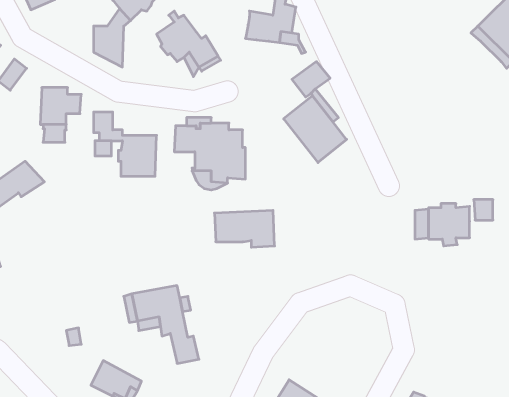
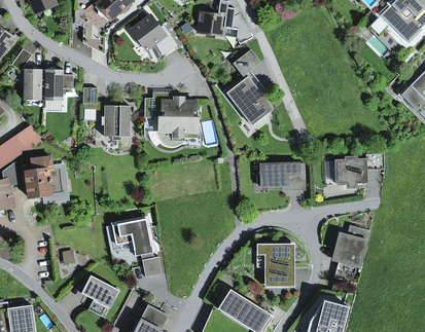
building: none -> [24,69,44,97]
building: none -> [17,156,63,197]
building: [214,210,275,247] -> [260,162,306,190]
building: none -> [332,225,369,283]
building: none -> [260,243,294,287]

